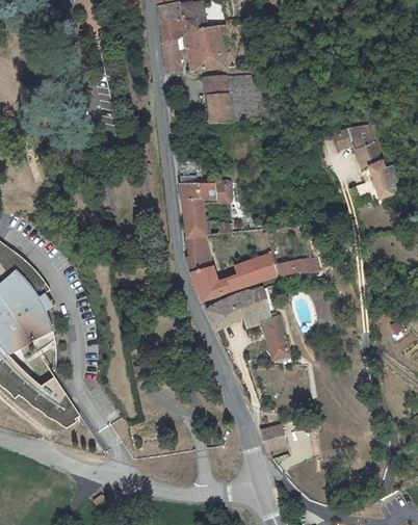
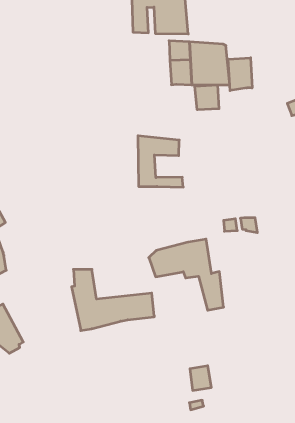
building: none -> [228,58,252,91]
building: none -> [195,85,219,110]
building: [186,234,278,300] -> [72,269,154,331]

